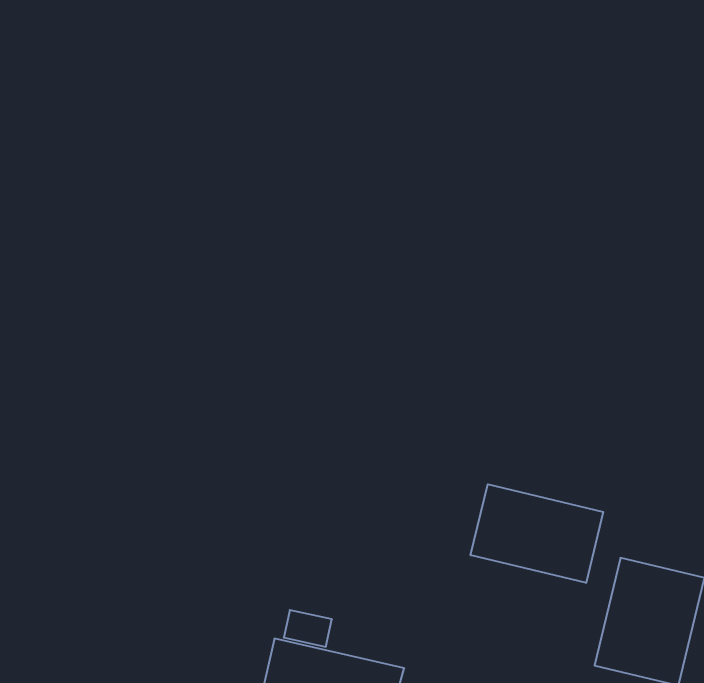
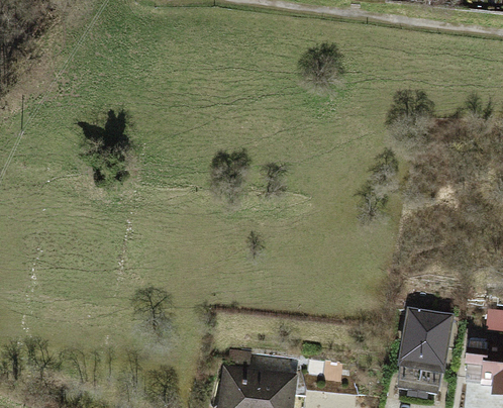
building: [471,484,603,583] -> none

